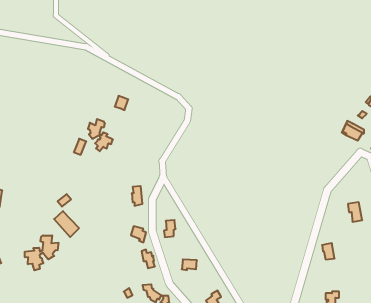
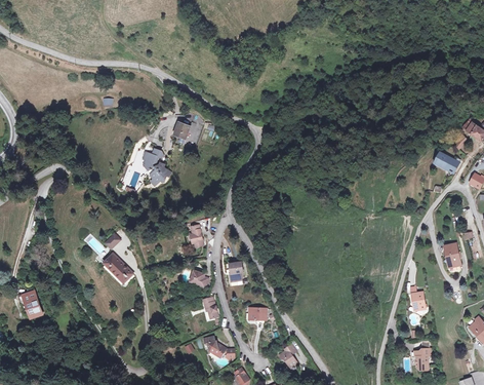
building: [25,235,58,270] -> none

